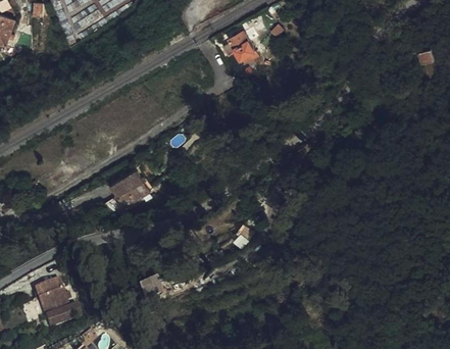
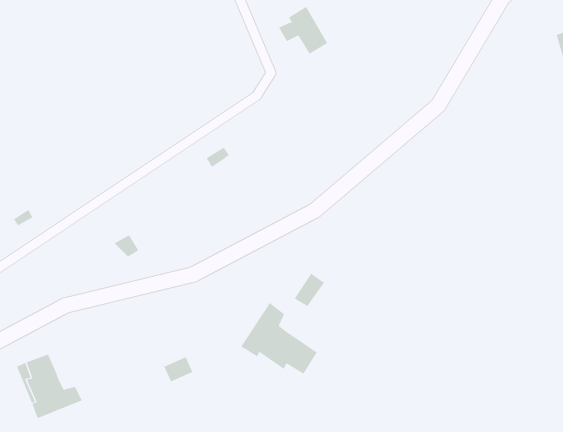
building: [112,165,151,202] -> none
building: none -> [240,302,317,375]

